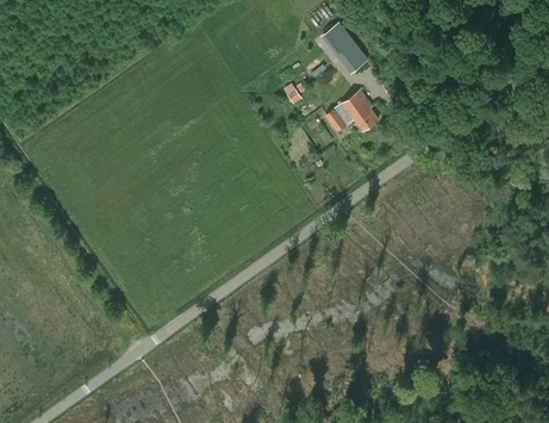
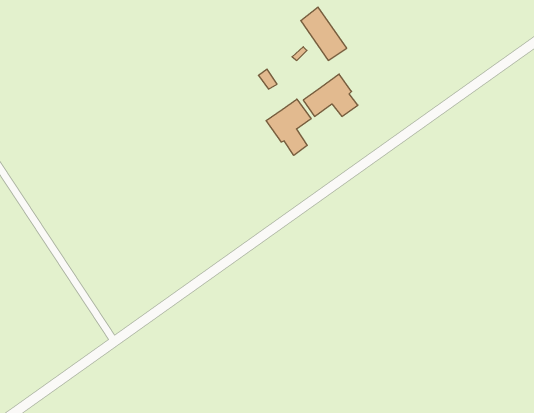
building: none -> [266,99,311,155]

